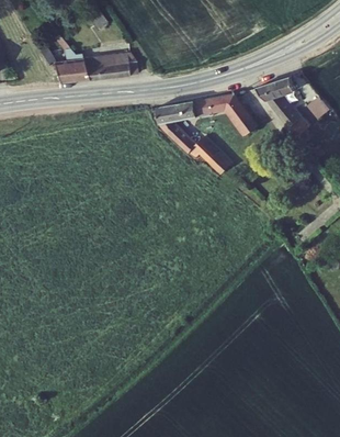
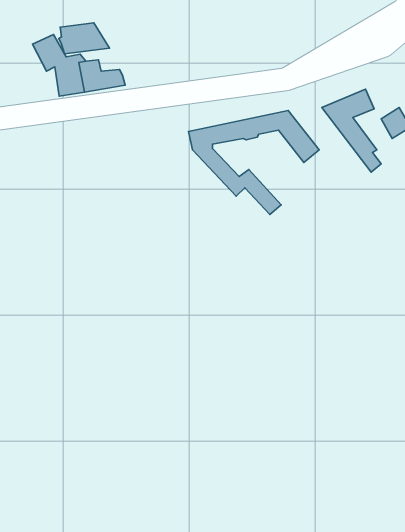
building: [103,49,143,74] -> [59,23,109,54]

